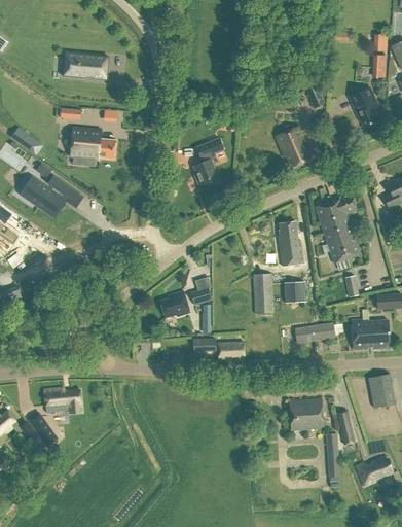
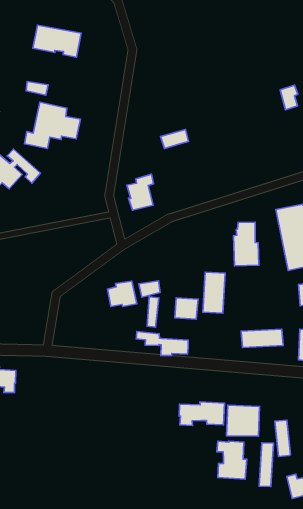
building: [276,126,313,167] -> none
building: [192,152,220,189] -> [127,174,154,210]
building: [284,281,305,302] -> [175,298,198,319]
building: none -> [179,402,224,426]
building: none -> [217,441,247,479]

